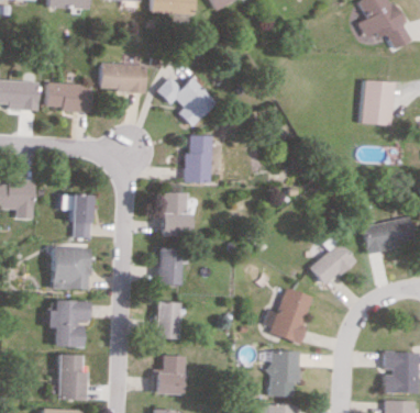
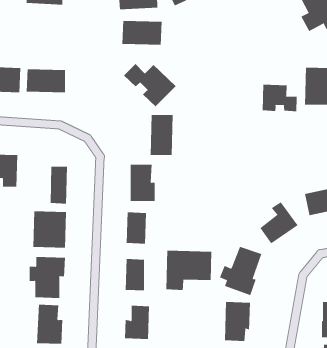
building: [98,63,145,91] -> [121,20,162,45]
building: none -> [262,84,297,112]
building: none -> [166,250,212,291]

